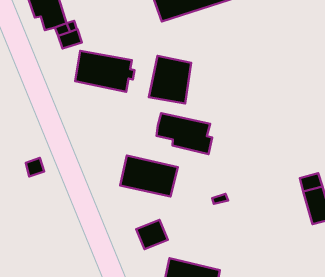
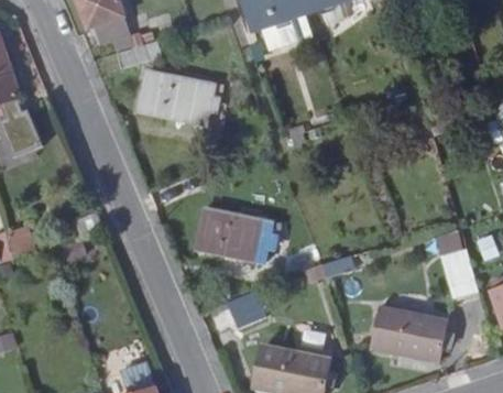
building: [149,56,191,104] -> none
building: [156,113,212,154] -> none
building: none -> [373,304,448,358]

